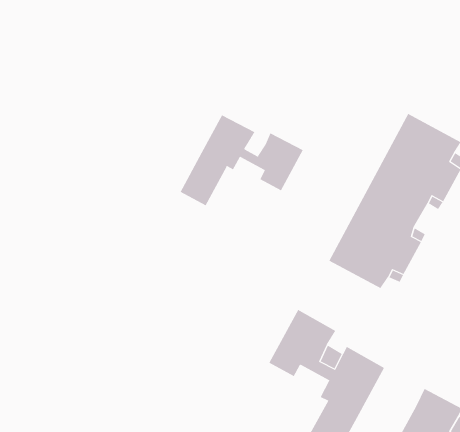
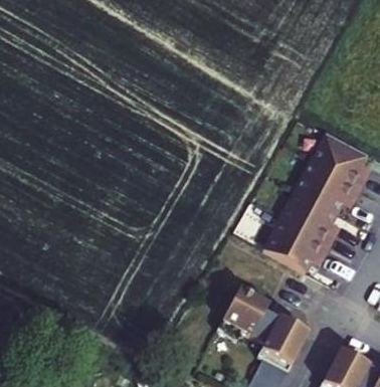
building: [180,115,303,206] -> none

